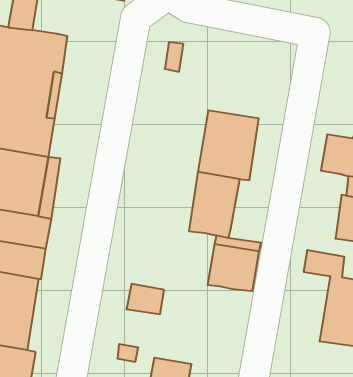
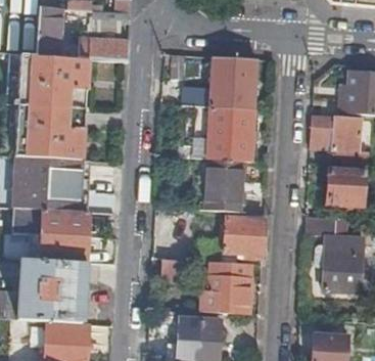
building: none -> [77,37,129,60]
building: none -> [181,56,255,109]
building: none -> [198,262,249,313]

